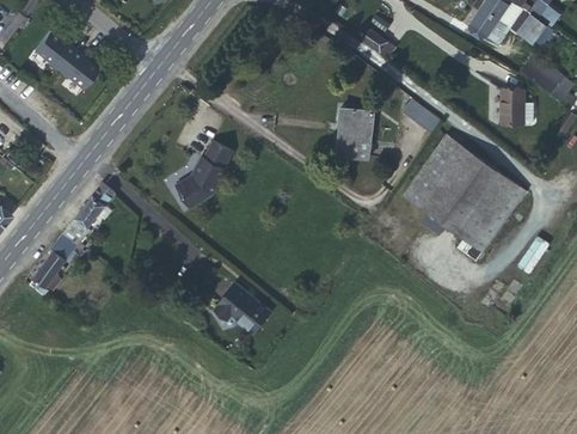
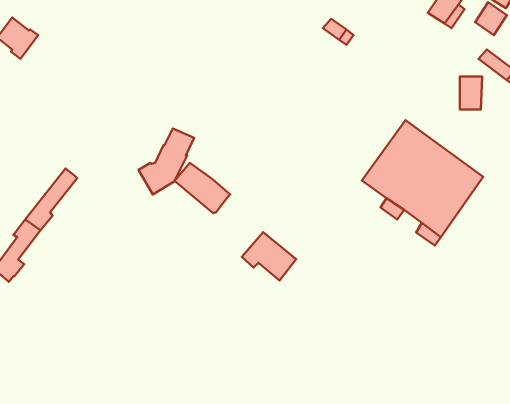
building: [56,47,98,87] -> none
building: [400,97,441,133] -> none
building: [337,106,372,158] -> none
building: none -> [174,163,230,213]
building: [214,282,269,331] -> [242,232,296,280]

